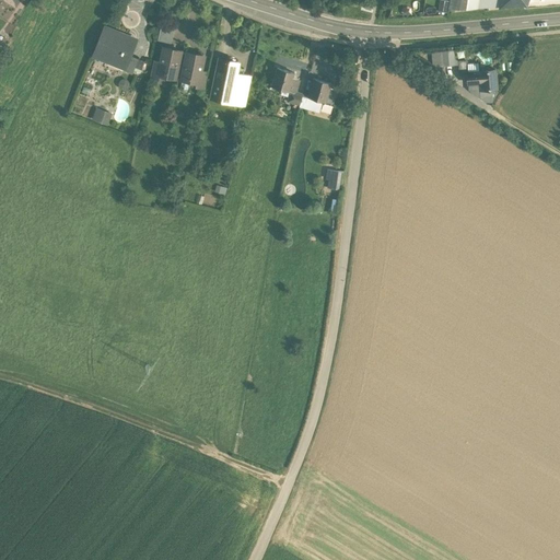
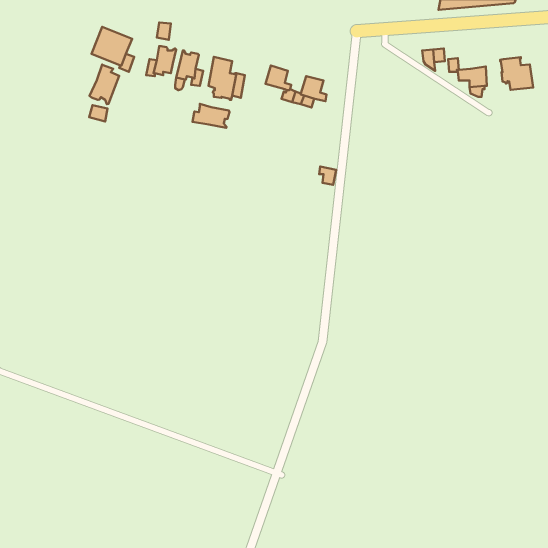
building: none -> [500,57,533,90]
building: none -> [90,65,119,104]
building: none -> [192,104,229,128]

